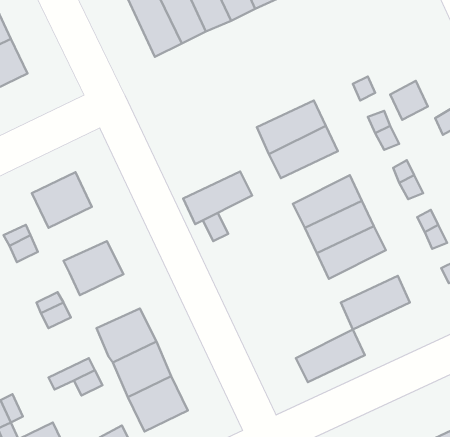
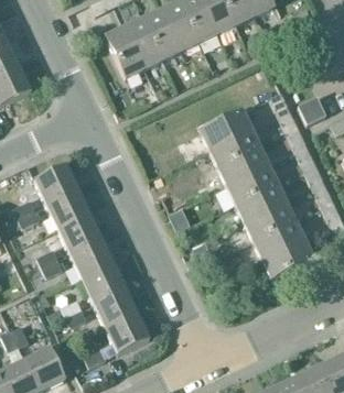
building: [183,172,252,224] -> [218,148,269,186]
building: none -> [47,188,90,228]
building: none -> [71,238,115,277]
building: [296,330,365,382] -> [254,220,304,259]

